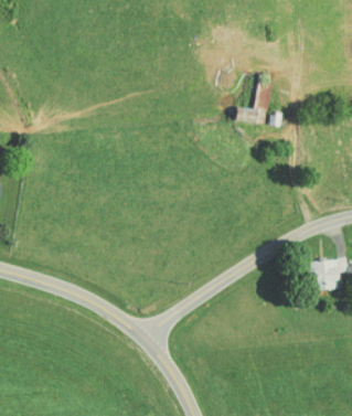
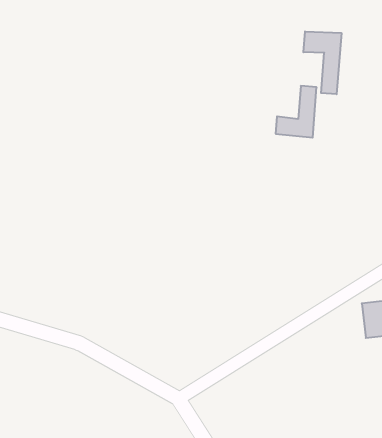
building: none -> [303,31,341,94]

